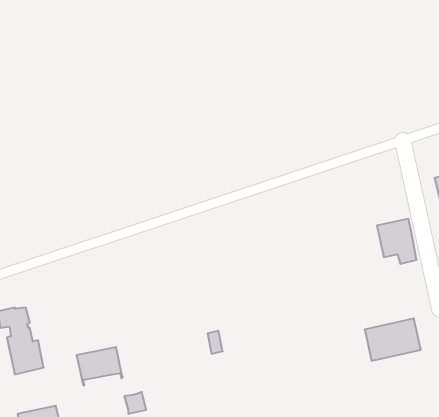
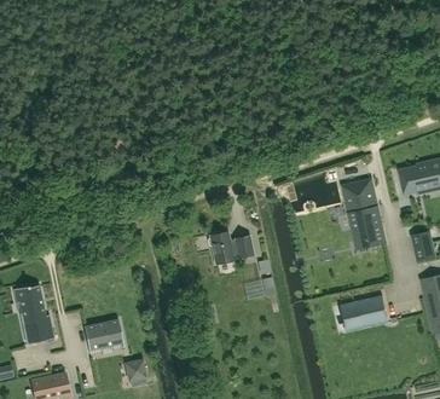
building: none -> [342,180,375,209]
building: none -> [207,231,253,265]

